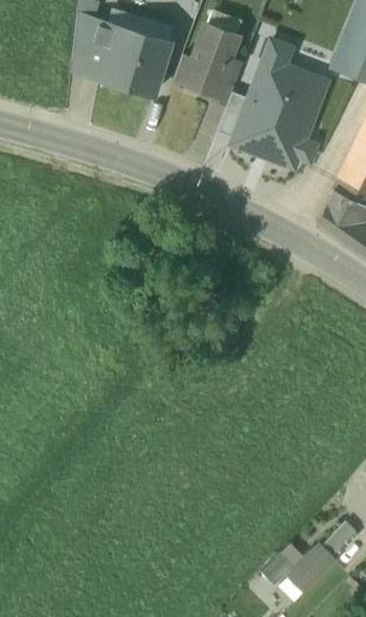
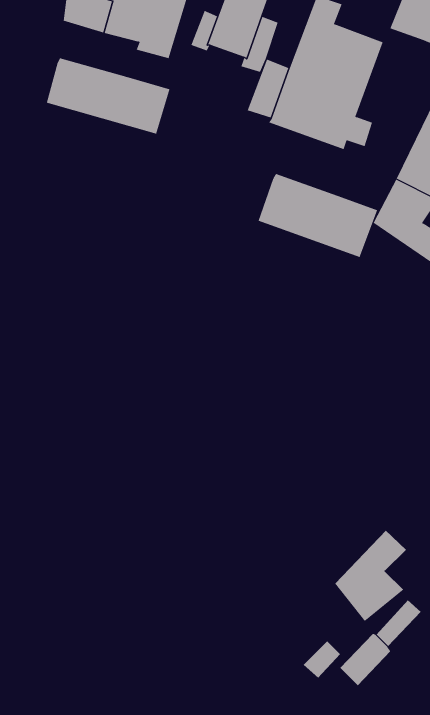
building: none -> [46,57,170,135]
building: none -> [258,173,378,258]
building: none -> [334,530,407,622]

